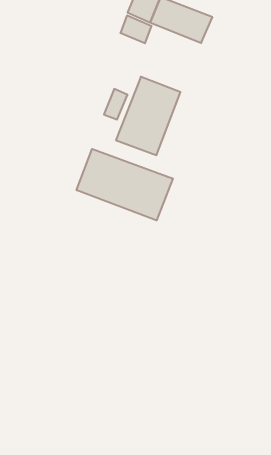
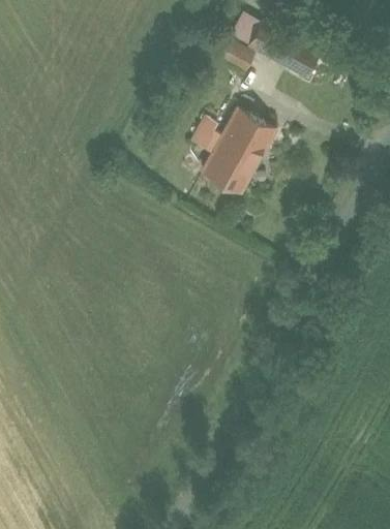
building: [77,149,173,220] -> none

